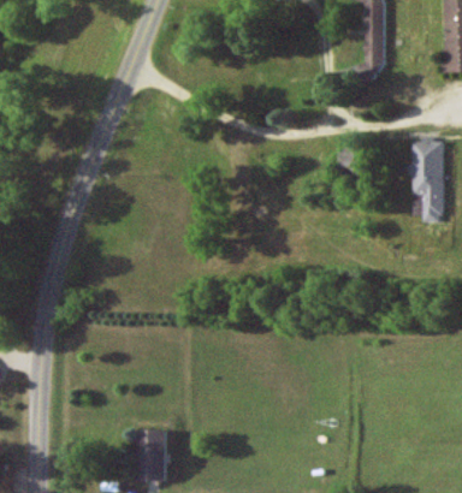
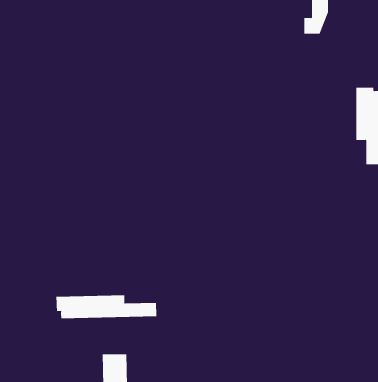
building: none -> [56,295,157,319]

